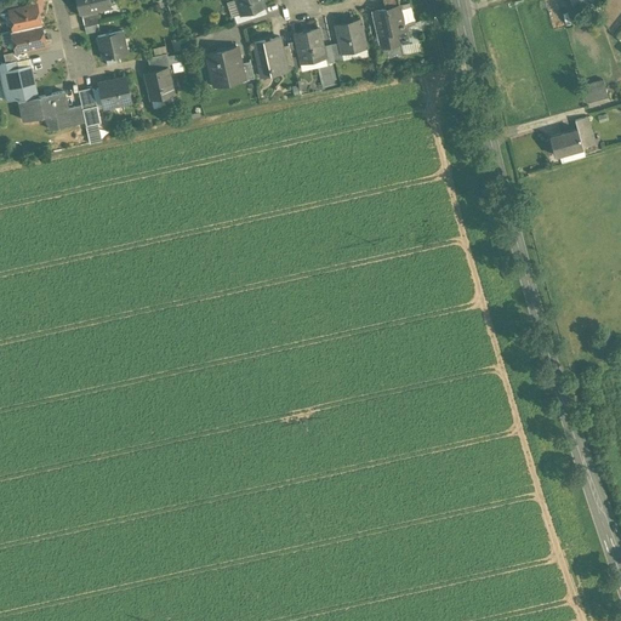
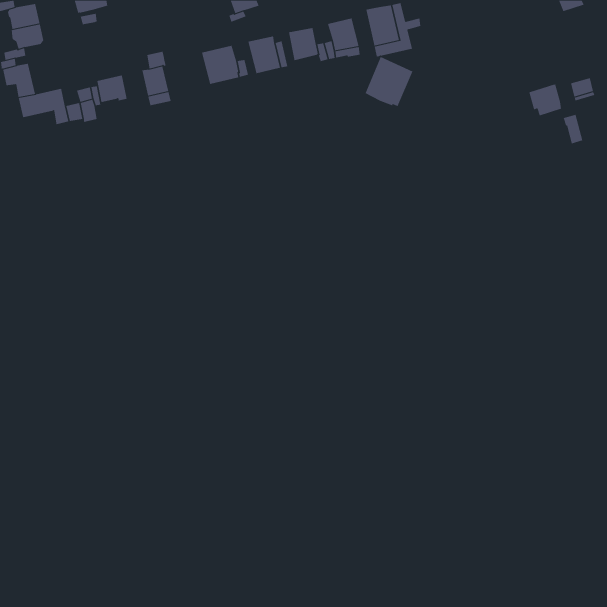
building: [97,32,126,59] -> none
building: none -> [365,56,413,107]
building: [549,130,583,163] -> [529,84,562,116]

